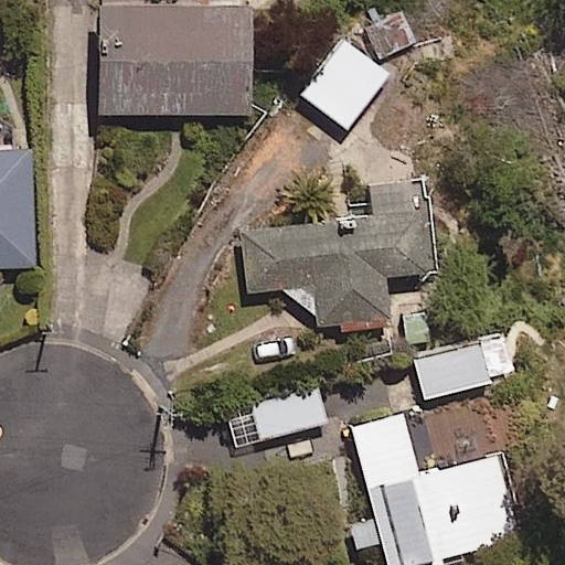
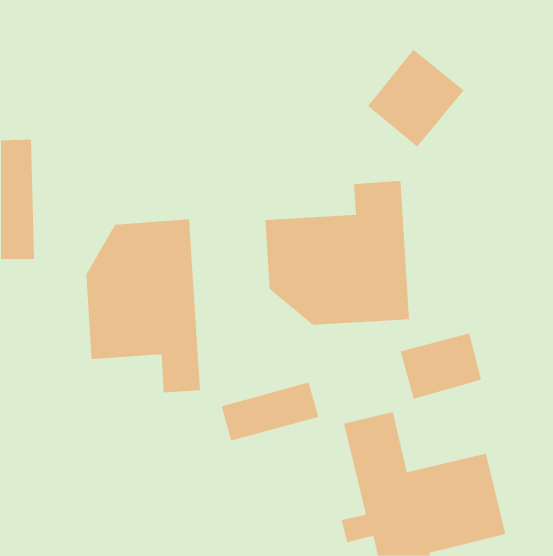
building: [98,8,246,115] -> none
building: [295,32,393,131] -> [367,49,465,147]
building: none -> [86,219,200,393]

